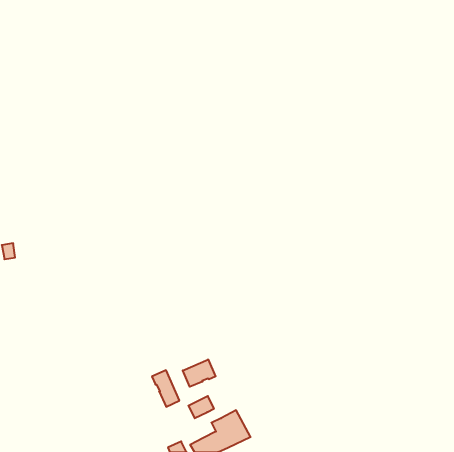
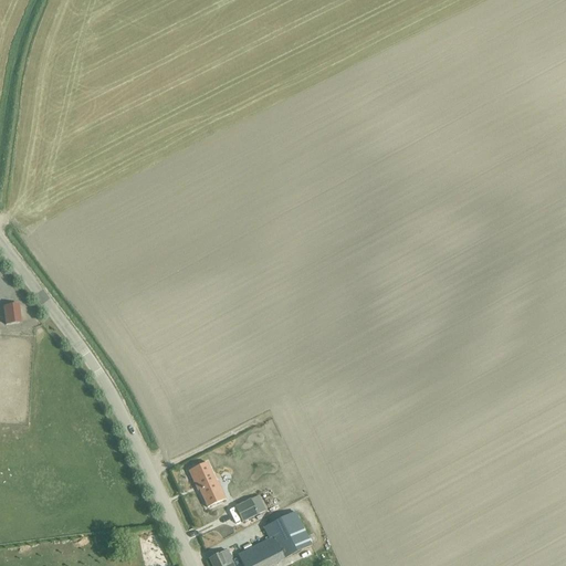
building: [183,359,216,387] -> none

